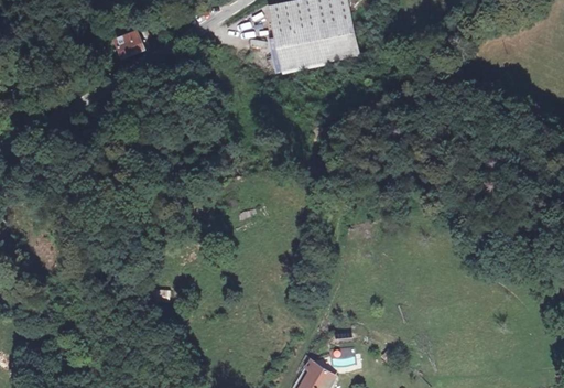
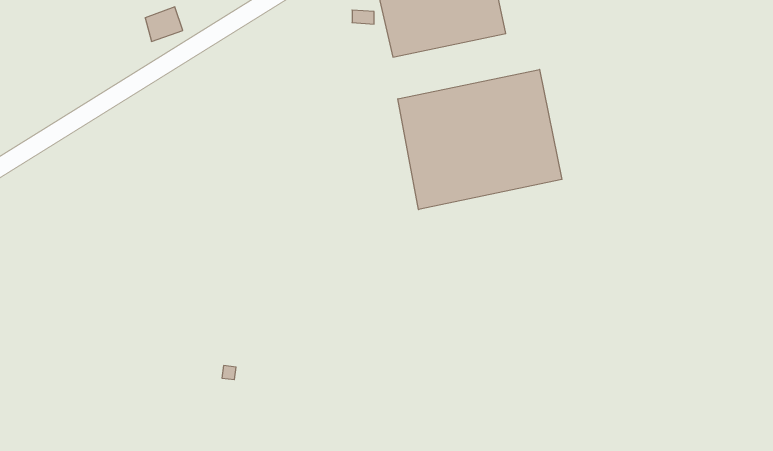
building: none -> [398,69,562,210]

